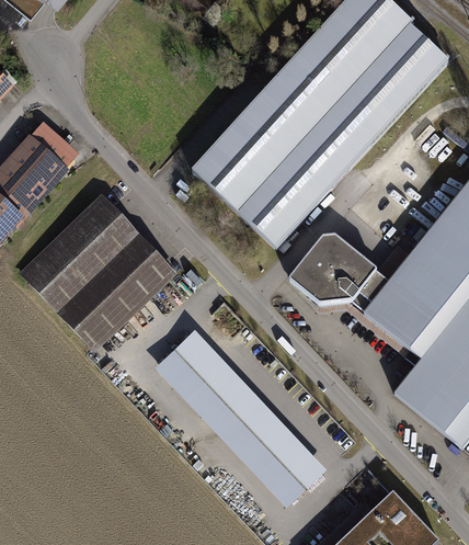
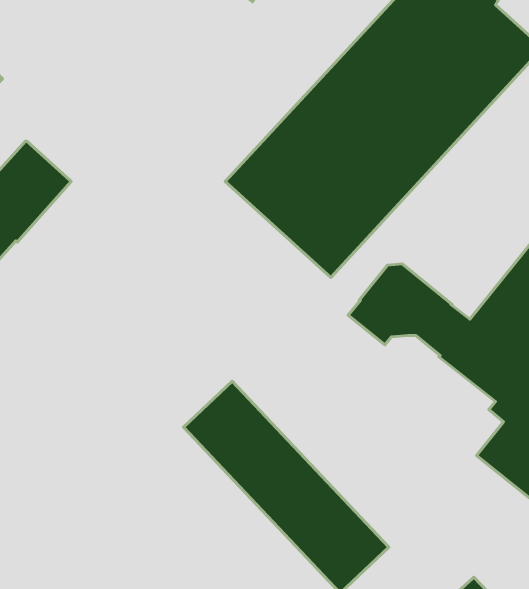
building: [31,121,80,168] -> none
building: [23,200,171,347] -> none

